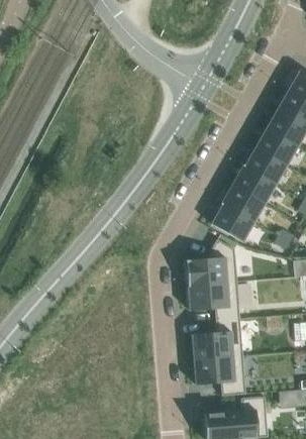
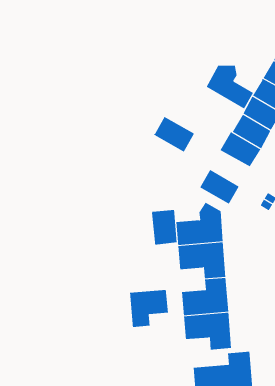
building: none -> [206,65,254,109]
building: [220,185,265,223] -> [153,116,195,153]
building: none -> [152,209,177,246]
building: none -> [129,289,168,328]

